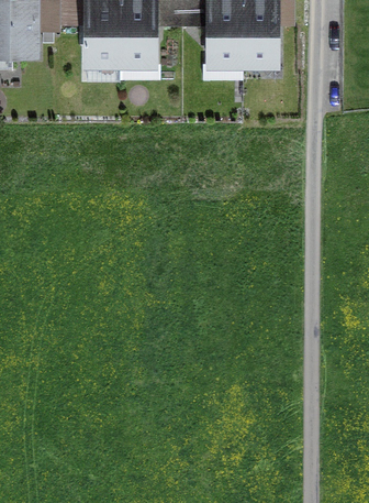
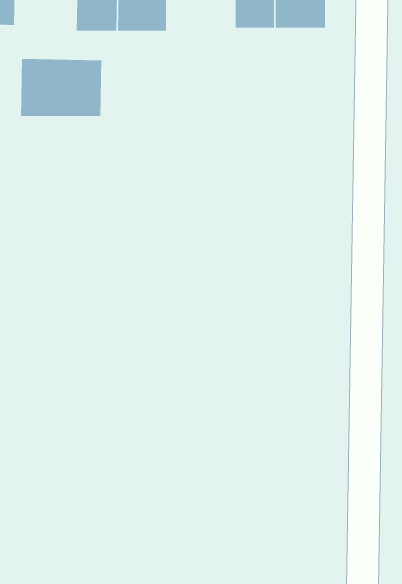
building: none -> [20,58,102,117]

